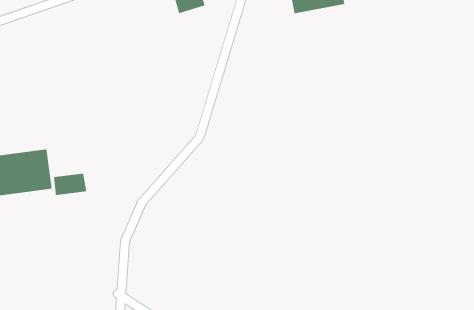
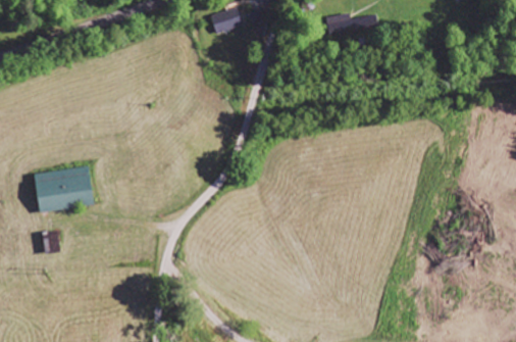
building: [54,173,87,196] -> none

